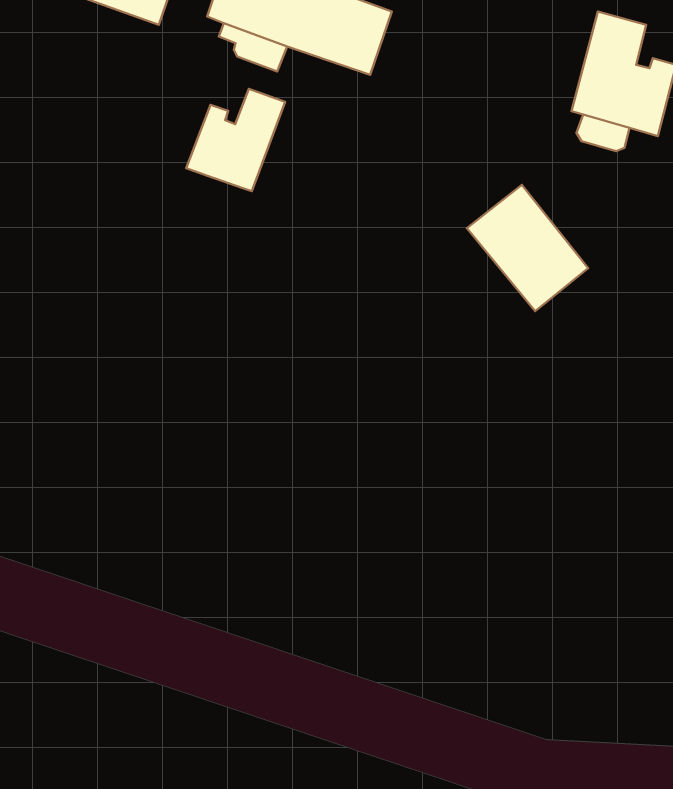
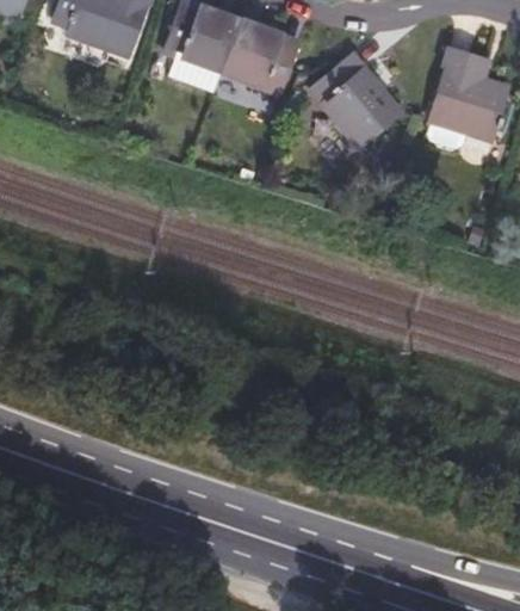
building: [186,89,285,191] -> none
building: [467,185,588,311] -> [316,53,403,143]

